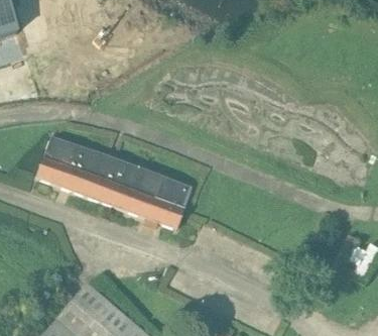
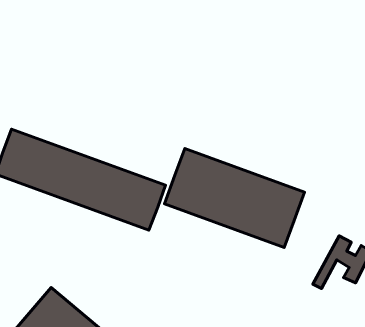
building: none -> [165,149,304,247]

